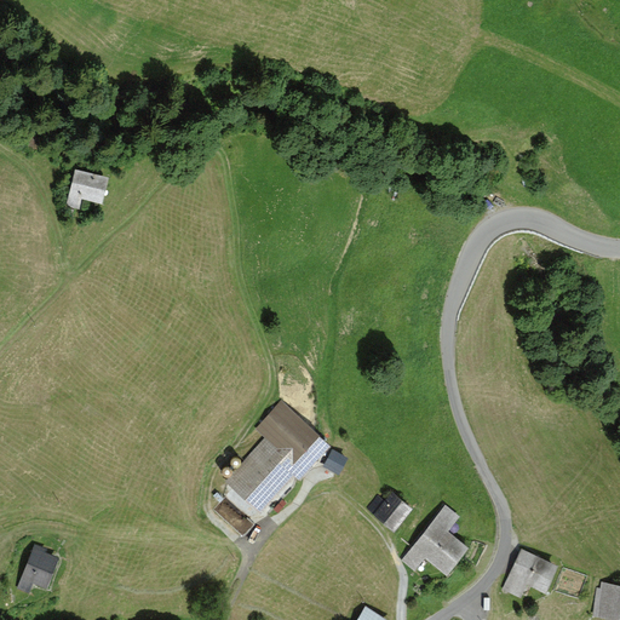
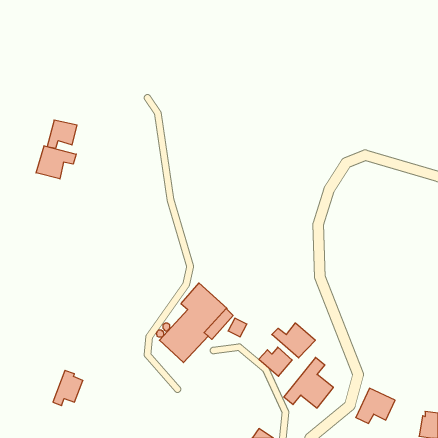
building: none -> [36,146,76,179]
building: none -> [272,323,315,358]
building: [17,544,59,593] -> [53,370,83,406]

